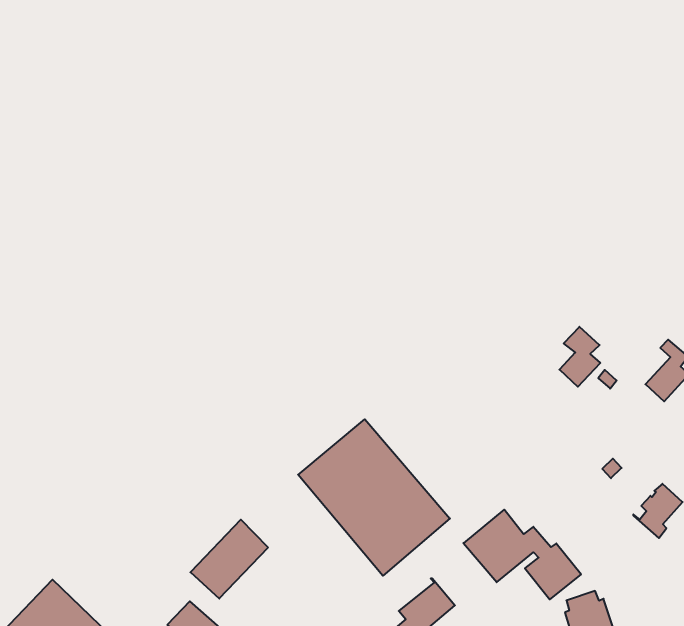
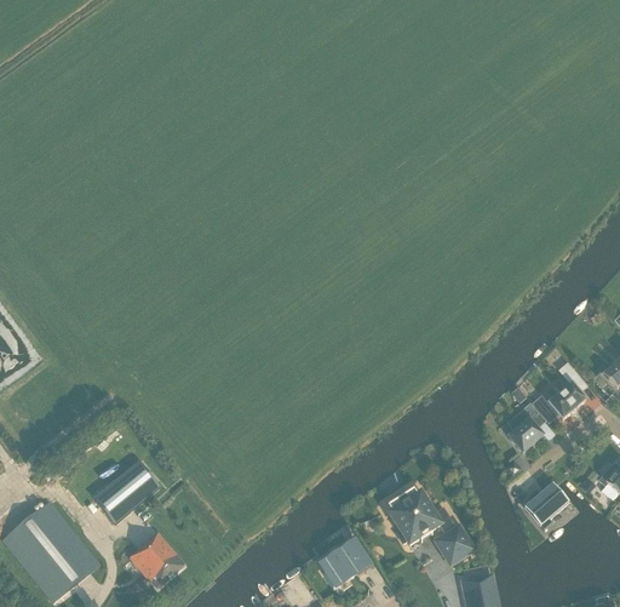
building: [559,327,600,387] -> [507,402,542,451]
building: [298,419,450,576] -> none
building: [190,520,268,599] -> [93,459,159,521]

